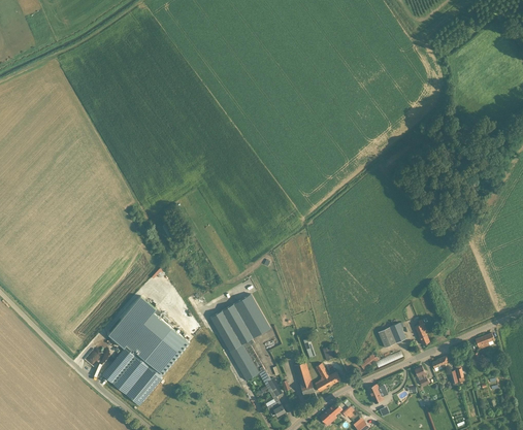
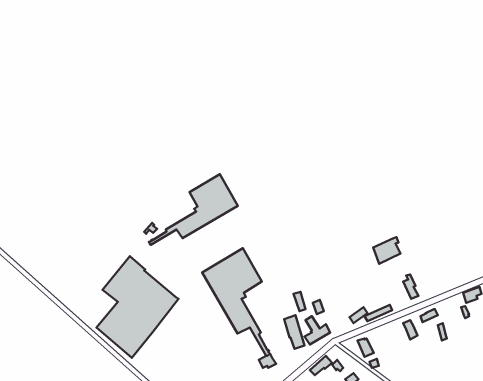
building: none -> [149,174,238,245]
building: [379,321,406,348] -> [373,237,401,264]

